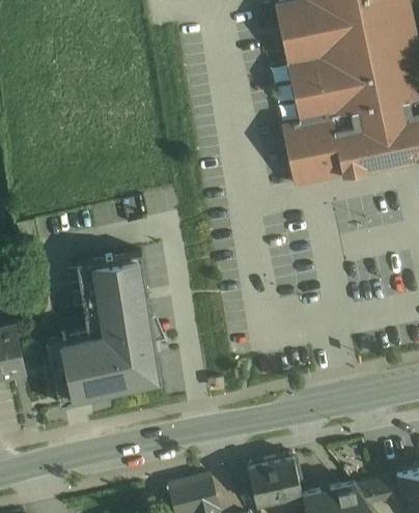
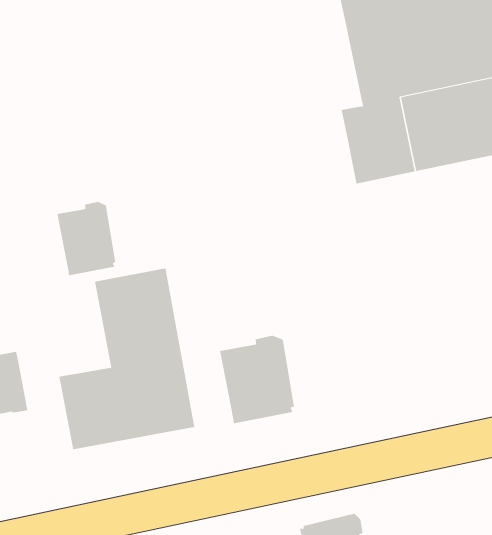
building: none -> [57,201,116,276]
building: none -> [220,335,294,424]

